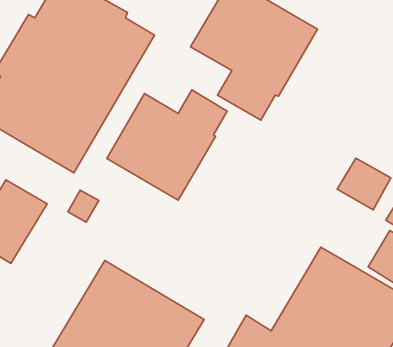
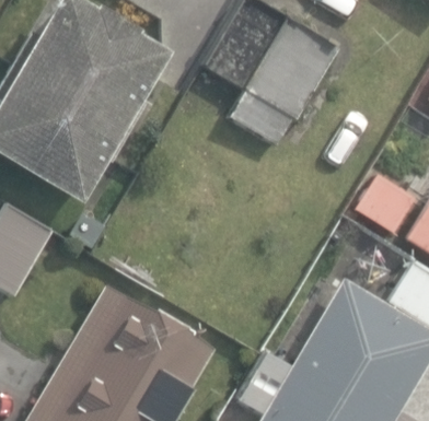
building: [107,90,227,200] -> none

